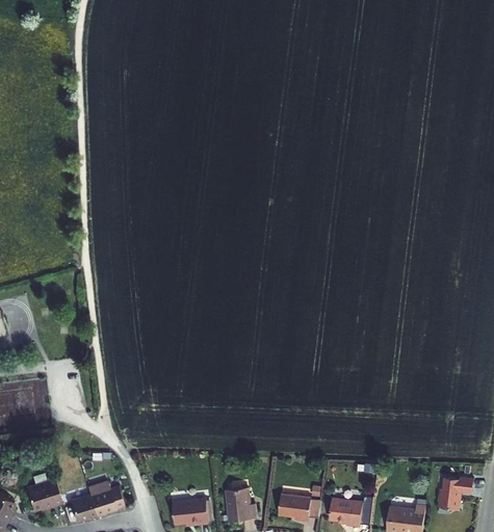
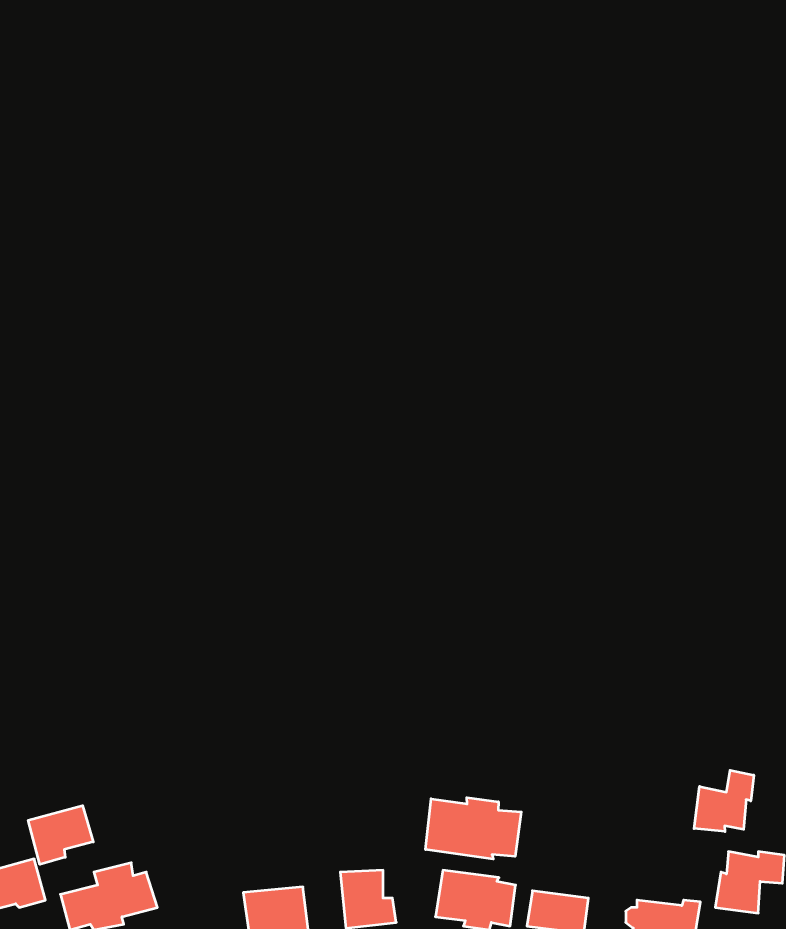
building: none -> [694,770,754,832]
building: none -> [426,798,521,859]
building: none -> [28,806,93,864]

